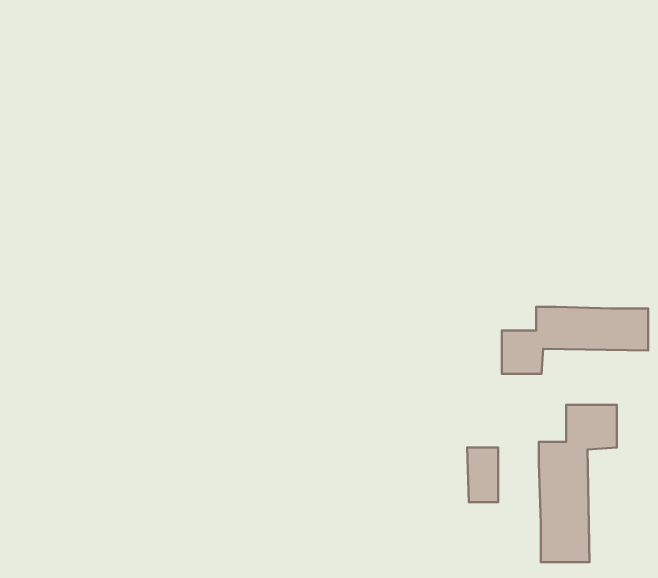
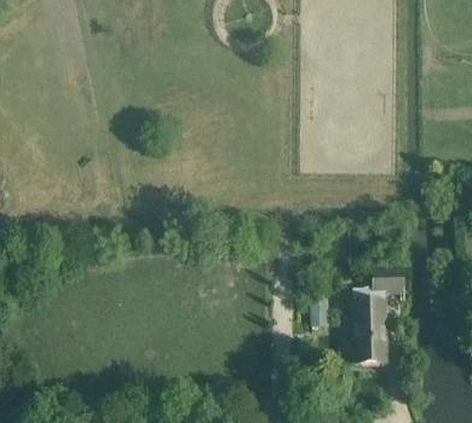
building: [502,307,648,374] -> none

